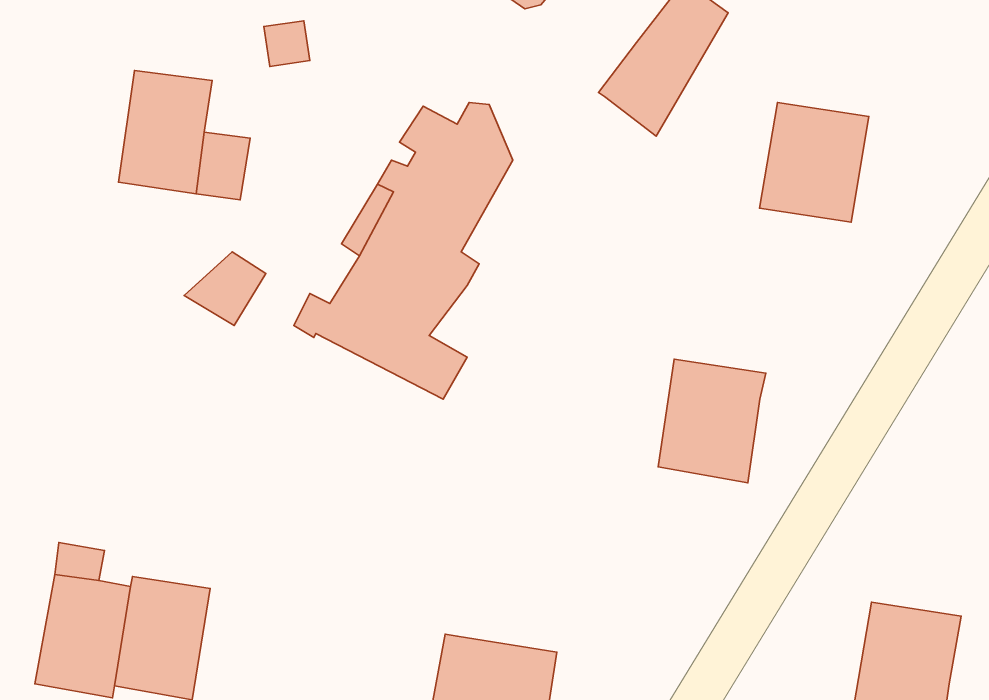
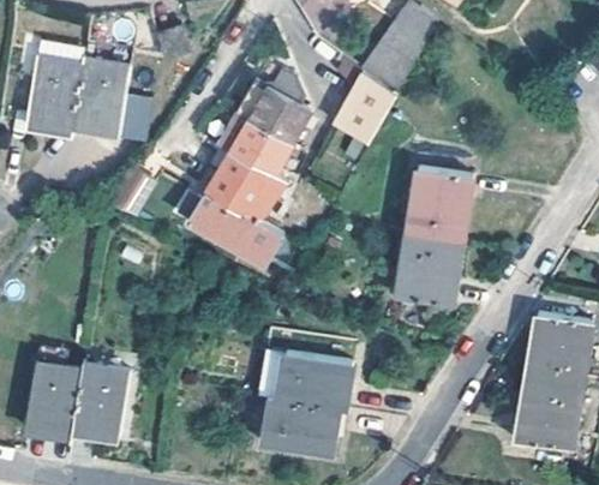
building: none -> [13,36,83,132]
building: none -> [334,74,396,146]
building: [759,102,869,222] -> [407,169,473,241]
building: none -> [526,315,591,388]
building: none -> [276,352,349,411]

